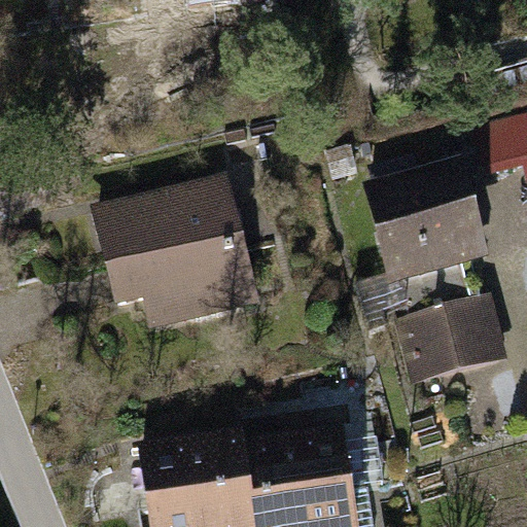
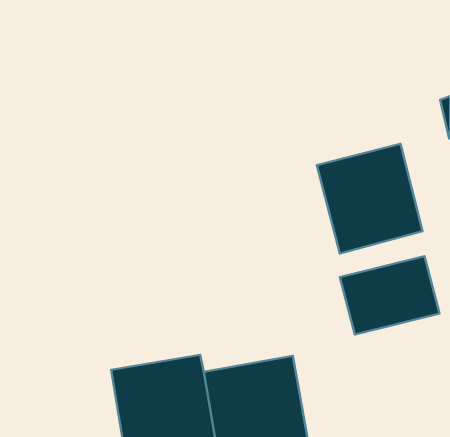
building: [95,170,256,319] -> none

